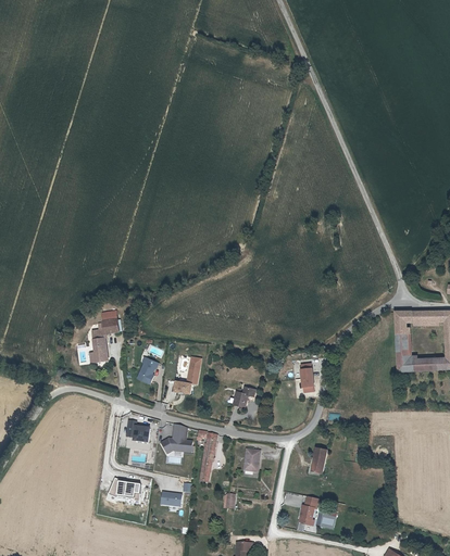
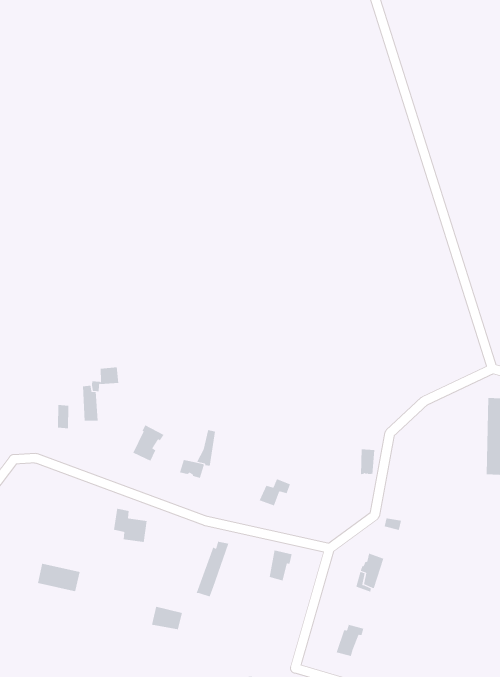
building: [162,425,192,454] -> none
building: [110,480,141,500] -> [37,563,80,592]

